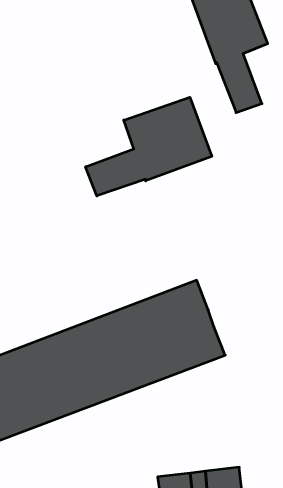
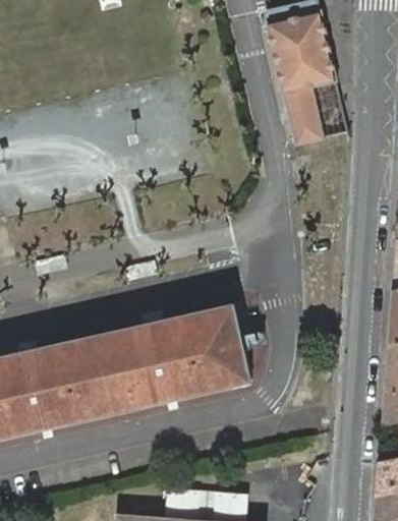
building: [86,97,212,196] -> none

